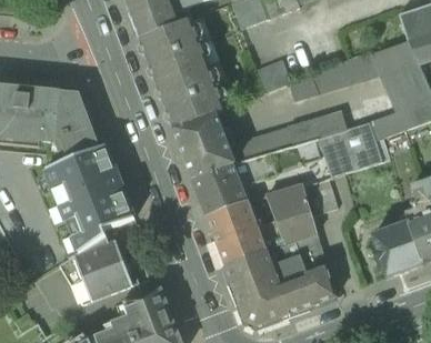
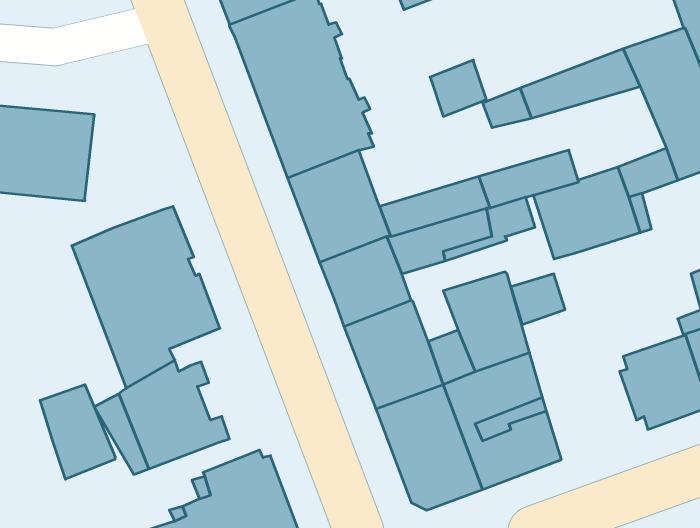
building: [52,91,98,158] -> none
building: none -> [40,385,115,479]

